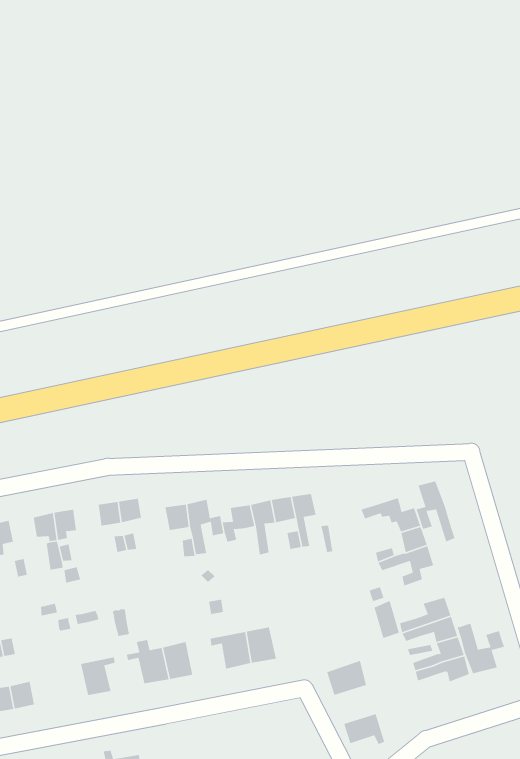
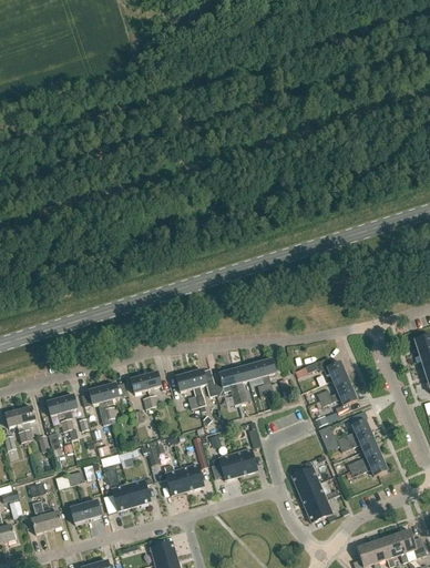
building: [415,480,456,543] -> none
building: [456,622,505,674] -> none
building: none -> [105,484,135,510]
building: none -> [298,481,339,508]

